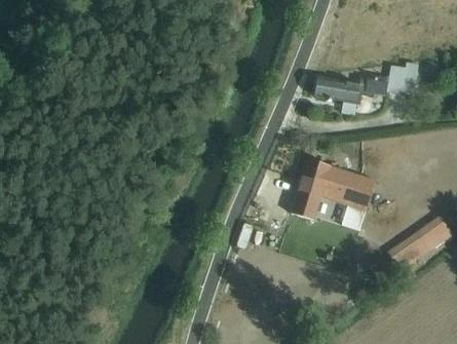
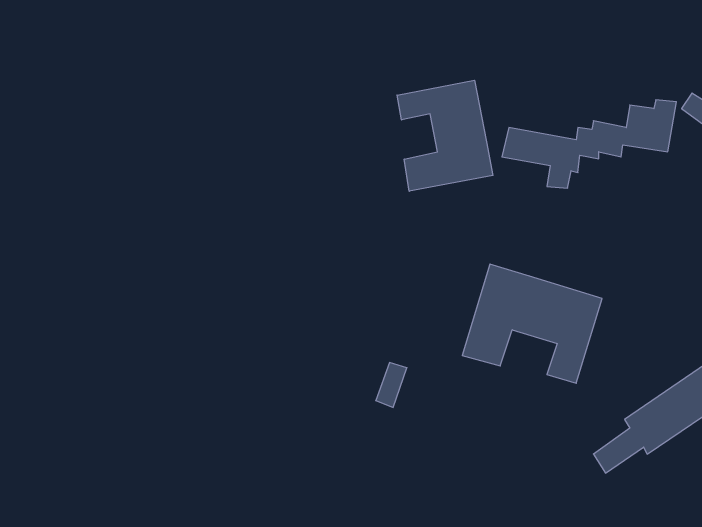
building: none -> [397,80,493,191]

